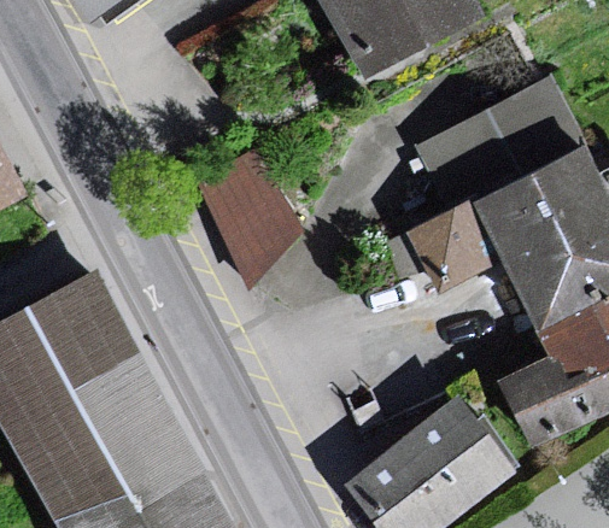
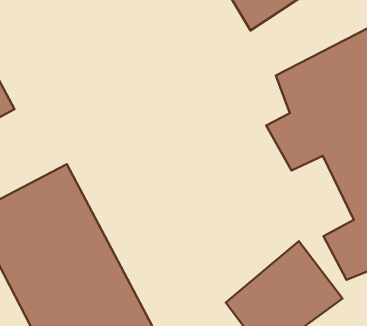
building: [198,143,317,274] -> none

